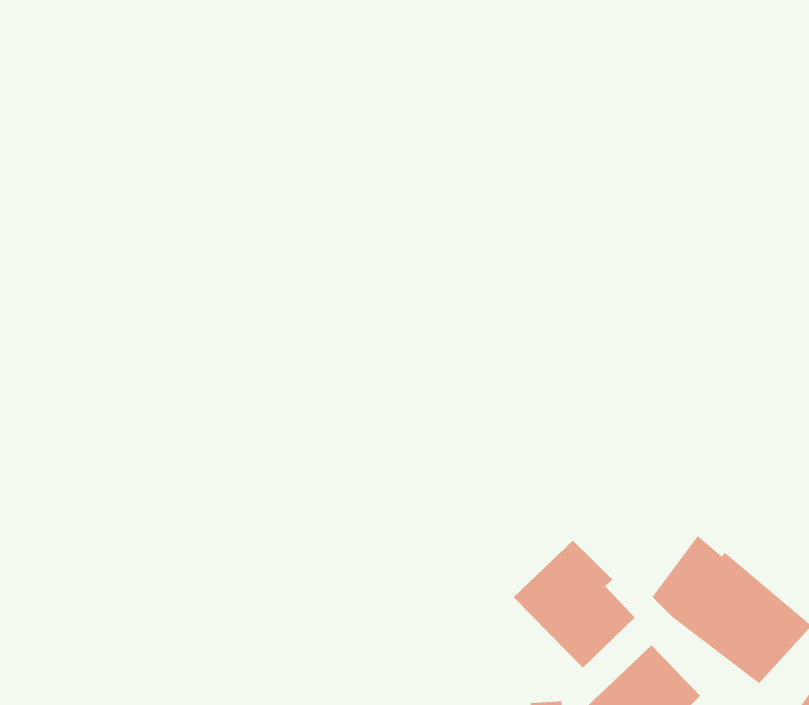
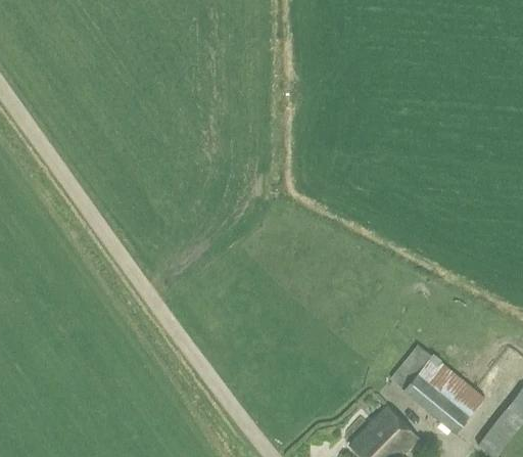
building: [513,540,635,668] -> none

